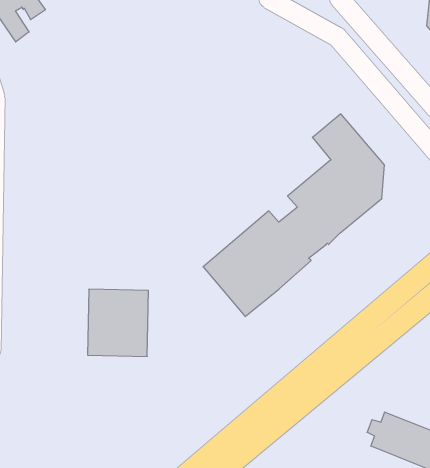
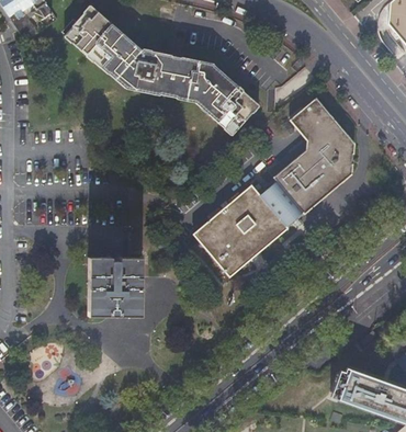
building: none -> [66,5,260,136]

